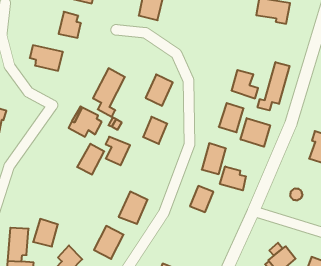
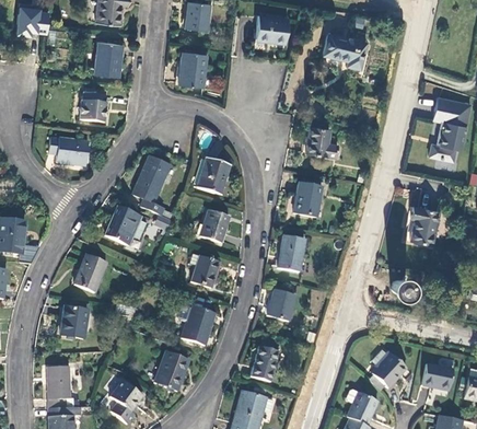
building: [258,62,290,110] -> none
building: [241,118,270,147] -> none
building: [106,137,130,165] -> [189,254,220,288]
building: [77,144,104,175] -> [74,254,106,292]
building: [220,166,246,190] -> none
building: [33,219,58,247] -> [60,305,89,338]
building: none -> [252,346,279,381]

